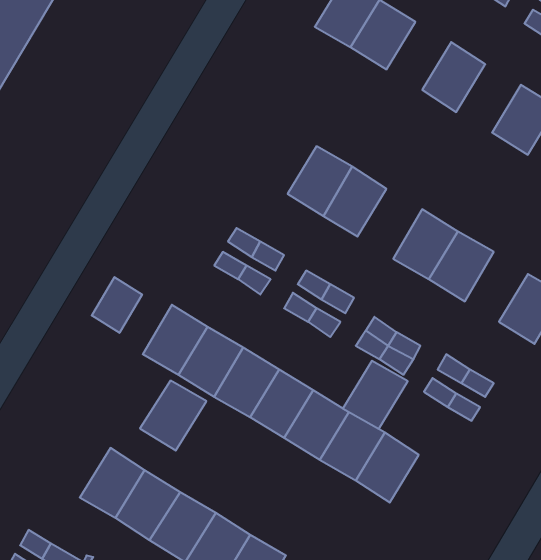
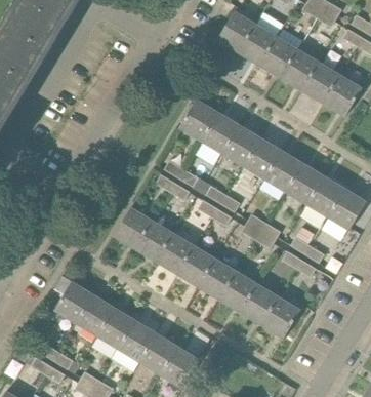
building: none -> [259,37,298,78]
building: none -> [301,63,340,104]
building: none -> [178,100,217,141]
building: none -> [242,137,281,180]
building: none -> [306,175,344,217]
building: [92,277,142,333] -> none
building: [343,361,408,429] -> [261,297,300,339]
building: [140,381,206,451] -> [53,281,93,323]

